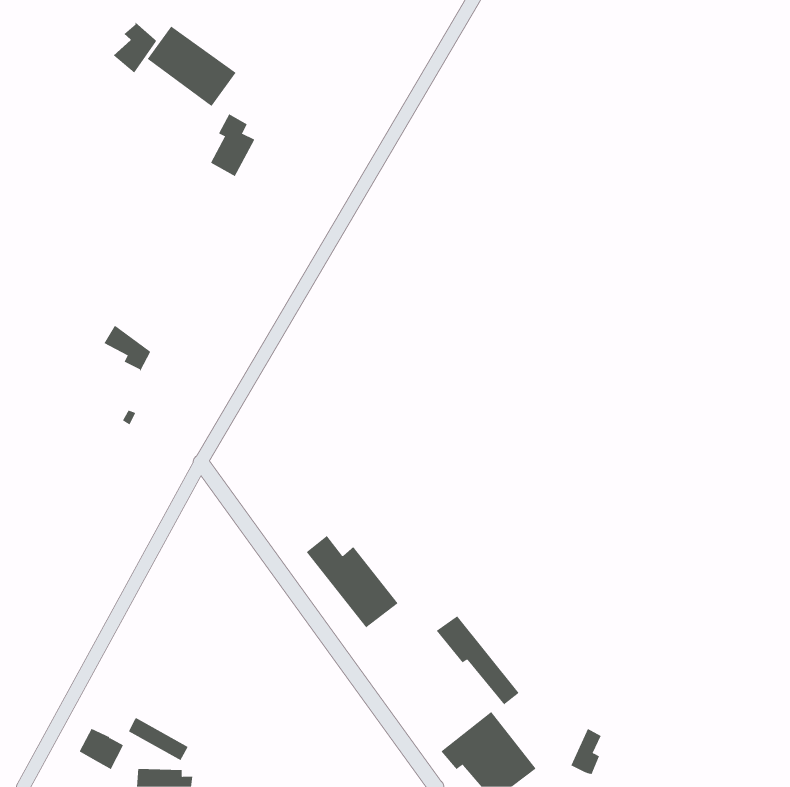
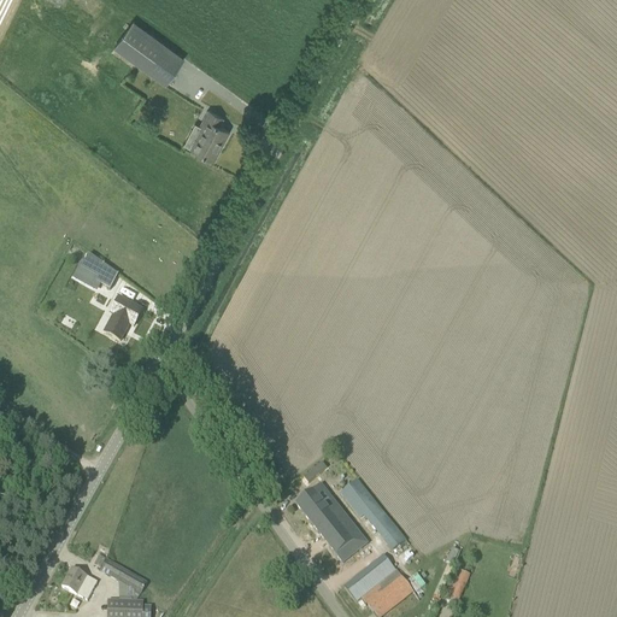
building: [113,22,158,73] -> none
building: [210,113,255,177] -> [194,108,229,158]
building: none -> [104,298,142,340]
building: [306,535,398,628] -> [295,489,368,562]

